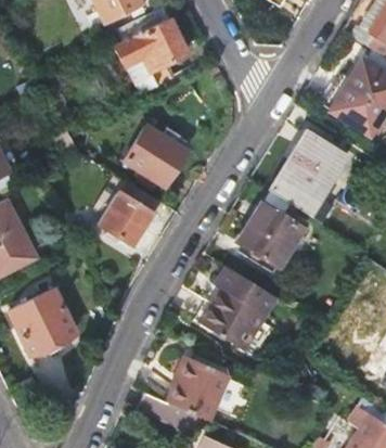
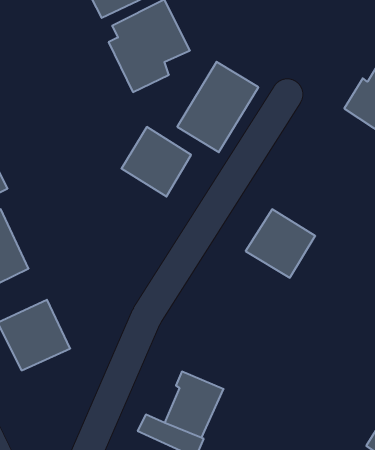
building: [271,130,347,215] -> [177,62,258,152]
building: [99,182,159,246] -> none
building: [202,267,279,351] -> none

